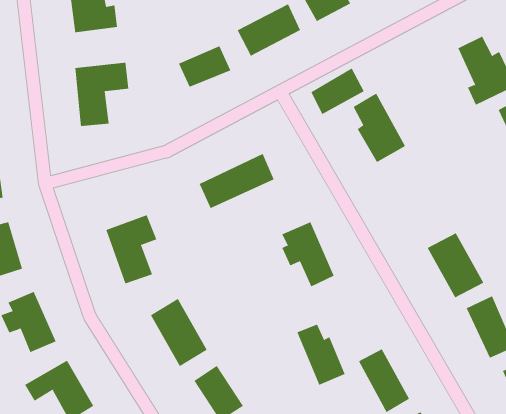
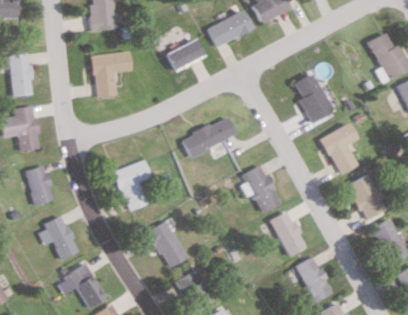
building: [311,68,365,115] -> none
building: none -> [317,124,353,175]
building: [296,324,345,385] -> [270,212,305,256]

